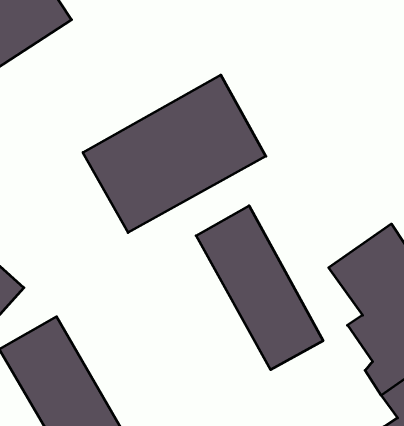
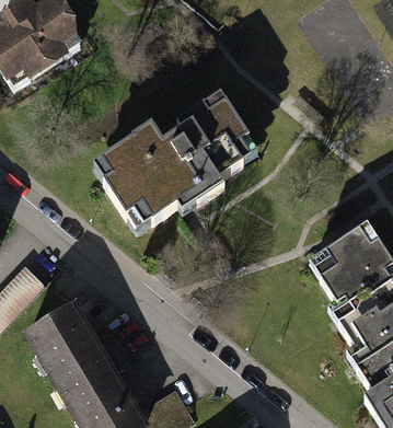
building: [196,206,323,370] -> none

